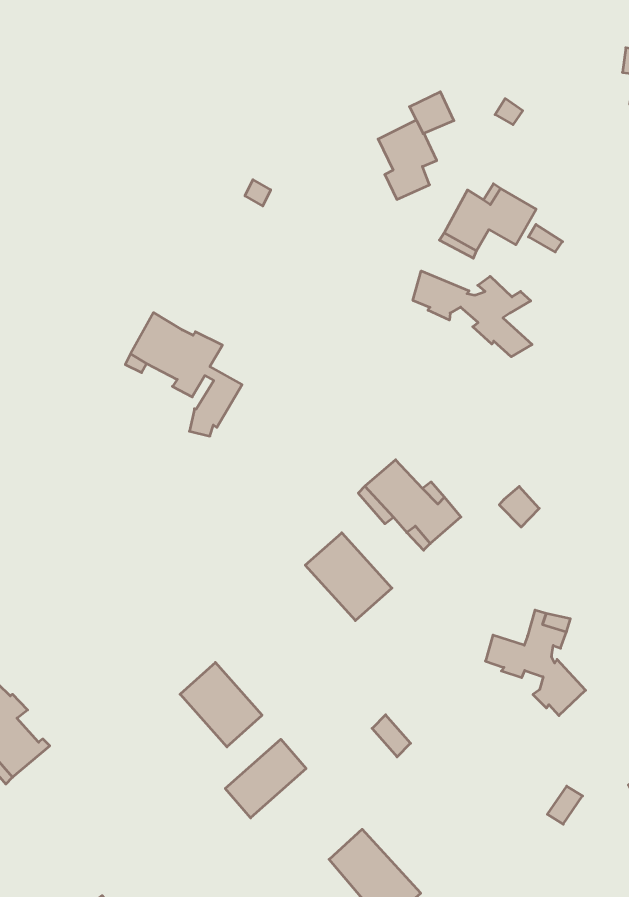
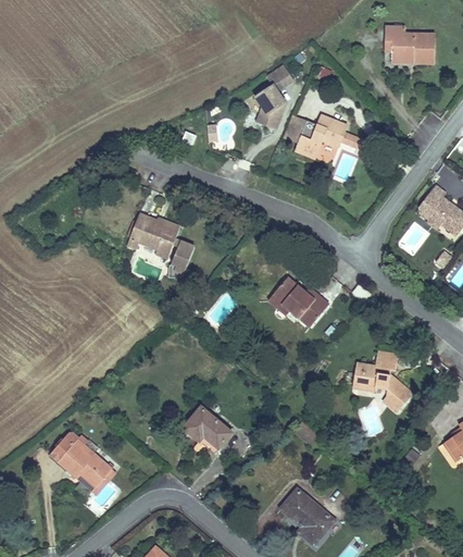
building: [413,271,532,357] -> none
building: [305,533,392,621] -> none
building: [225,739,306,818] -> none

